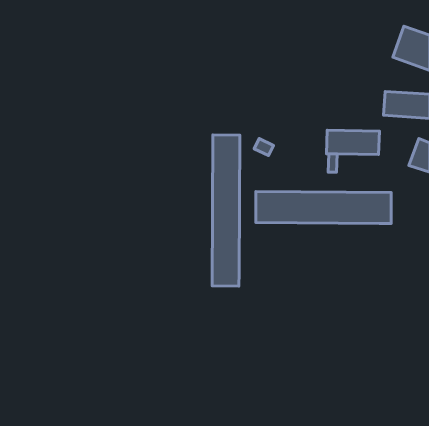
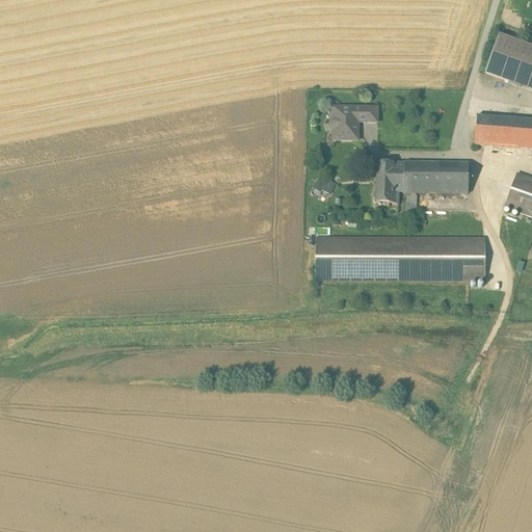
building: none -> [331,105,378,137]
building: none -> [377,161,405,202]
building: [212,135,240,286] -> none

